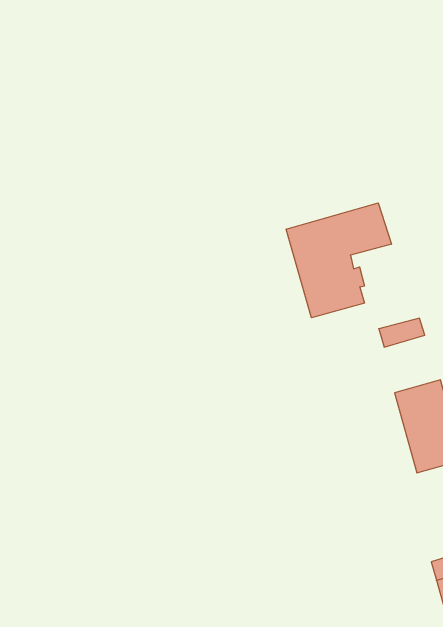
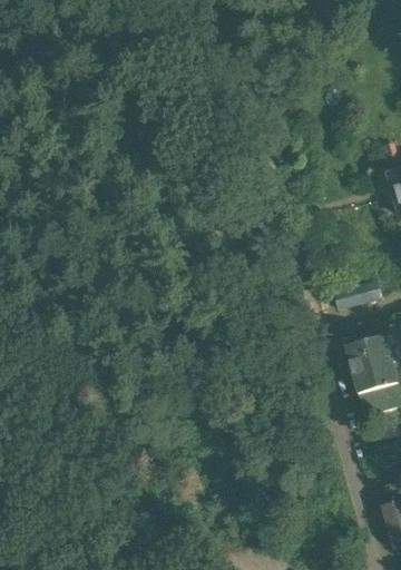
building: [286,203,391,318] -> none

